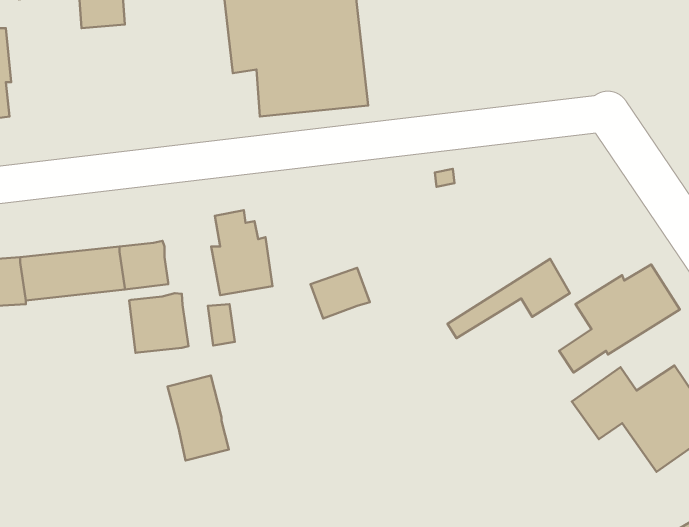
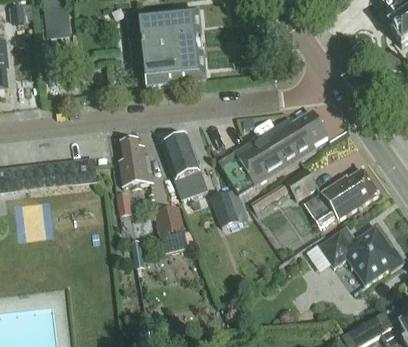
building: none -> [217,110,327,195]
building: none -> [161,133,200,179]
building: [129,293,188,353] -> none
building: none -> [210,188,238,225]
building: [168,376,229,460] -> [155,204,189,251]

